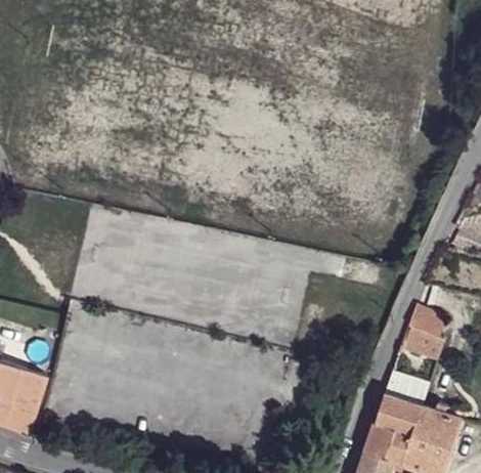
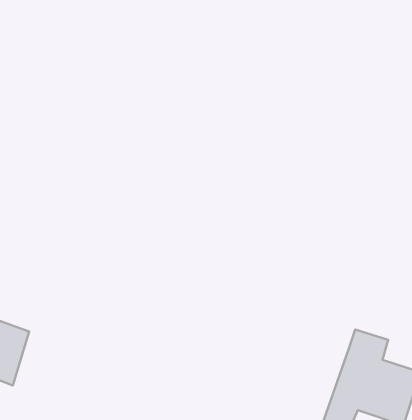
building: [399,308,441,363] -> none

